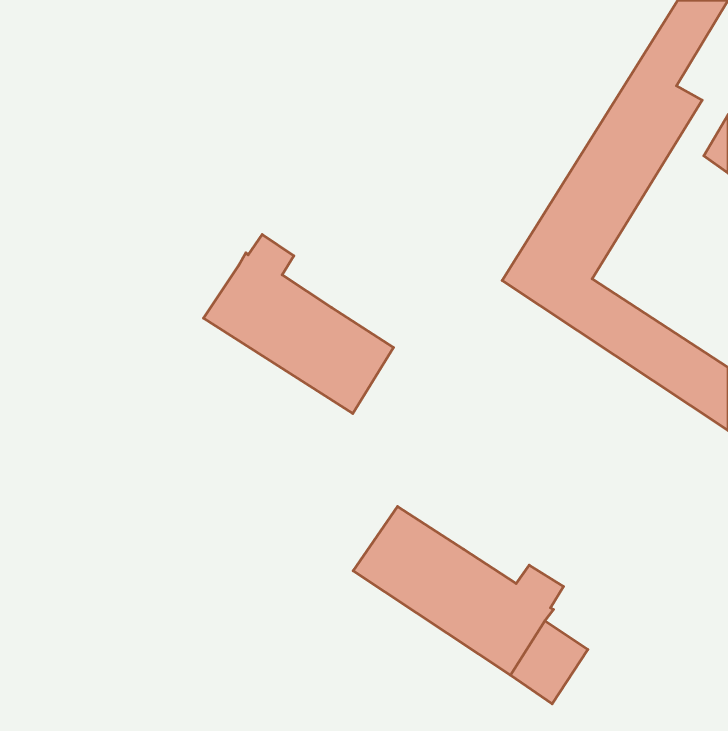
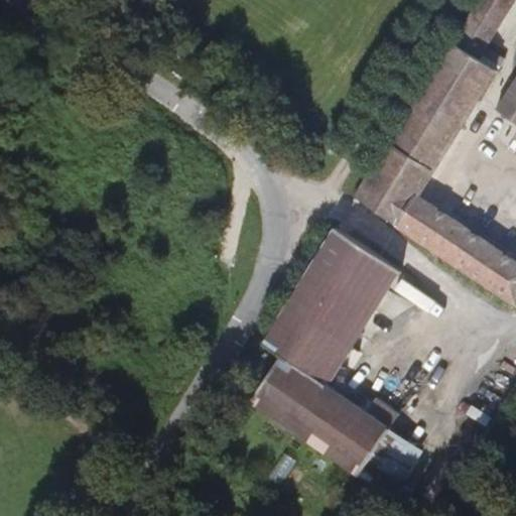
building: [204,235,393,413] -> none
building: none -> [262,228,401,387]

